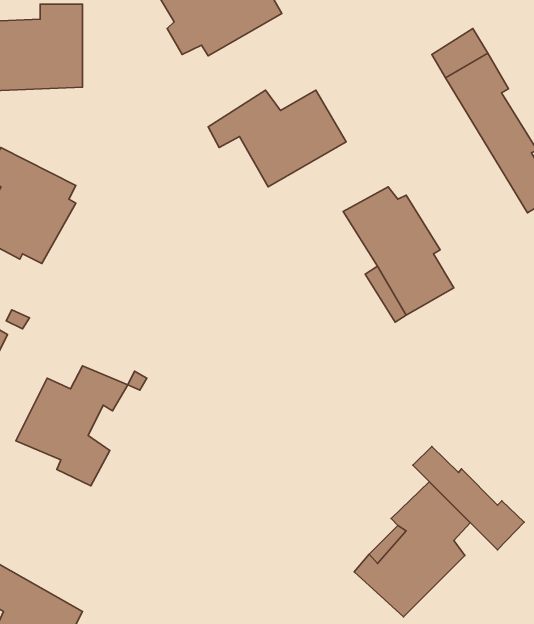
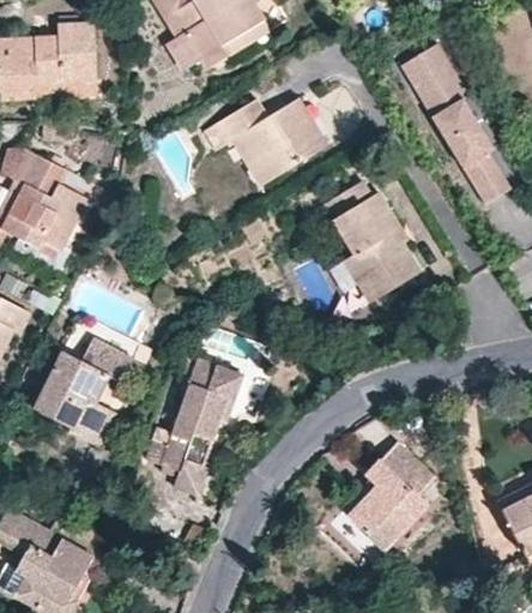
building: none -> [145,357,243,494]
building: [413,447,524,550] -> none

